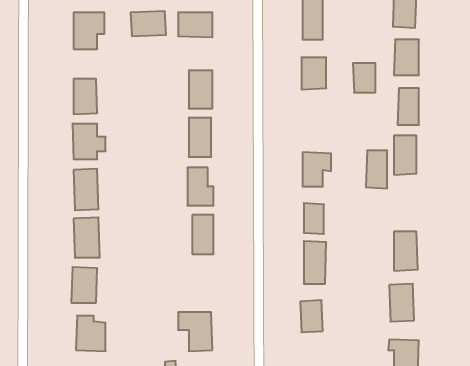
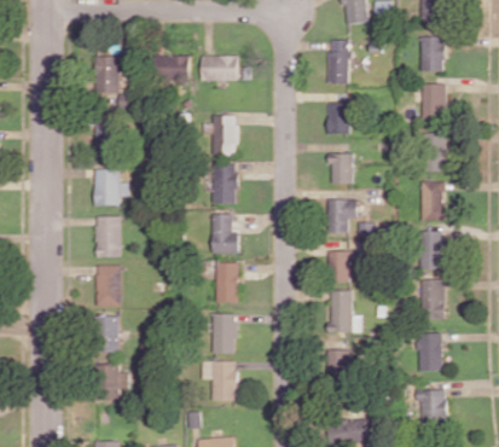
building: [353,63,375,93] -> [329,153,352,184]
building: [366,151,387,188] -> [420,231,442,269]
building: none -> [210,313,236,353]

